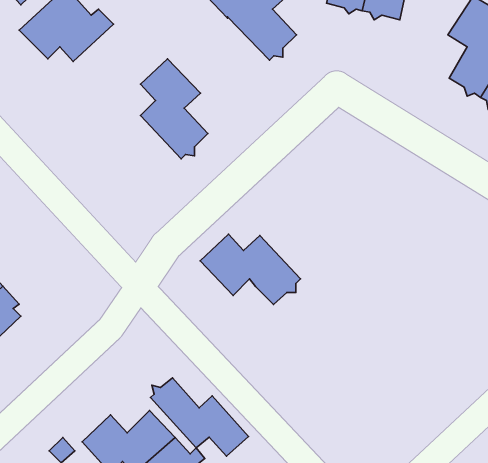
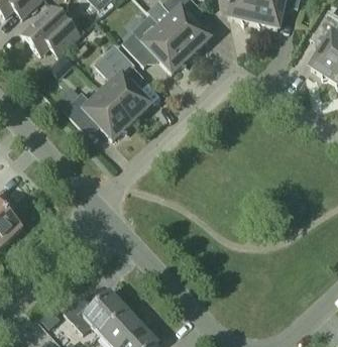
building: none -> [122,24,190,72]
building: [200,234,300,304] -> [63,91,130,138]
building: [150,378,248,456] -> none

